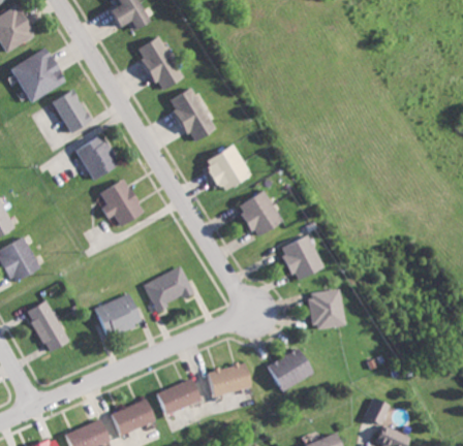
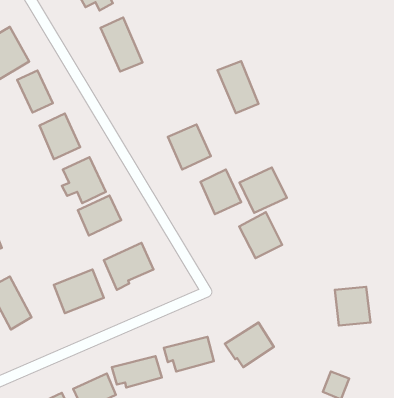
building: [172,91,213,144] -> [218,61,258,113]
building: none -> [239,167,287,213]
building: none -> [78,196,121,235]
building: [307,290,343,329] -> [335,287,370,326]

